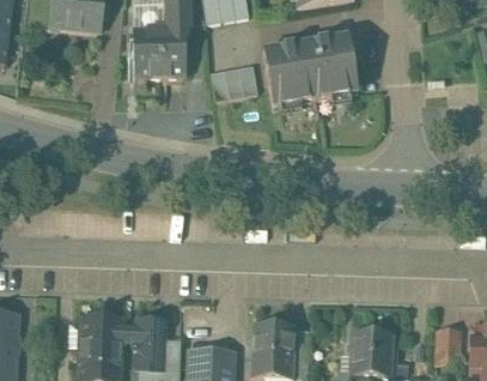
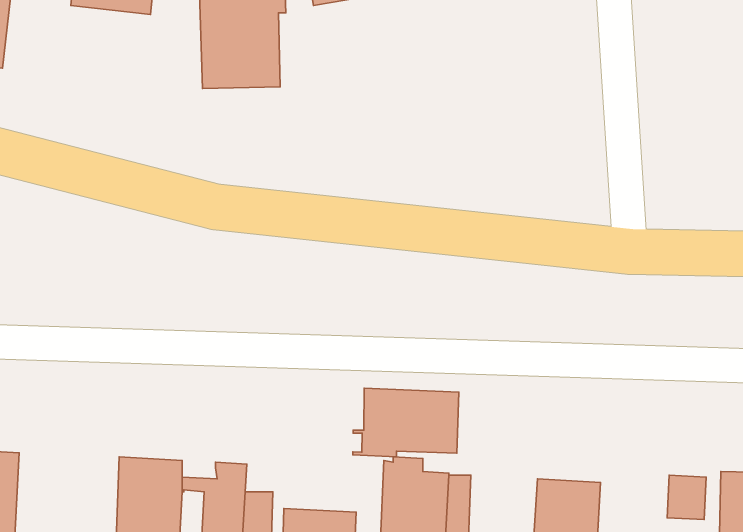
building: [263,35,358,107] -> none
building: [211,64,258,98] -> none
building: none -> [353,388,459,457]

